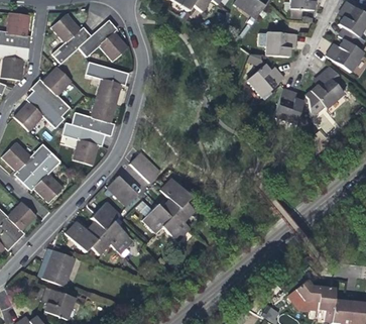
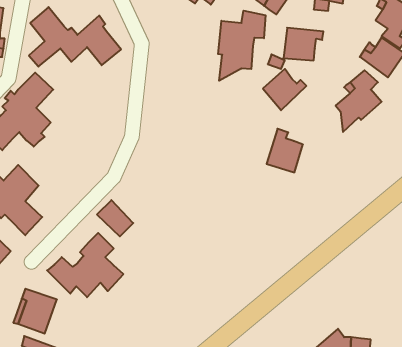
building: none -> [218,11,266,81]
building: [60,61,129,166] -> none
building: [274,88,304,124] -> [267,129,303,172]
building: [129,151,159,182] -> none
building: [141,177,194,239] -> none

